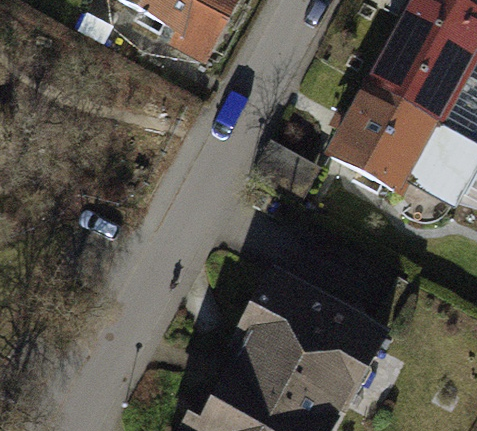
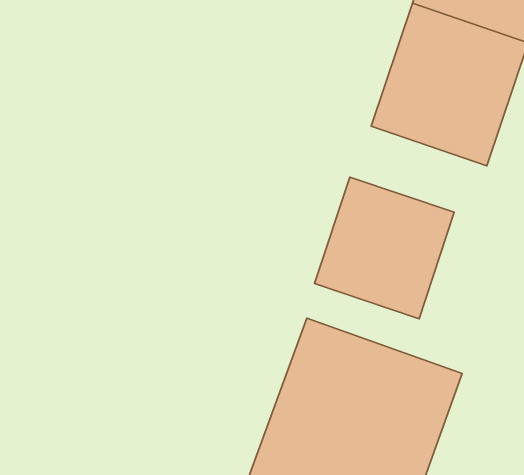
building: none -> [315,177,454,319]

